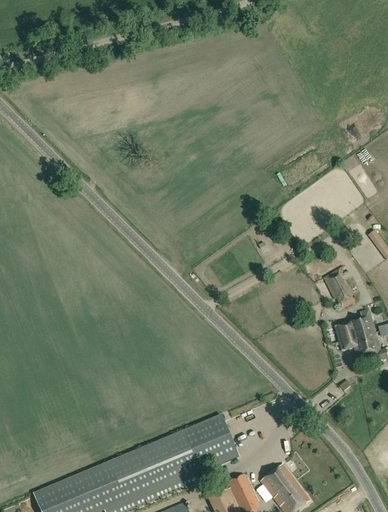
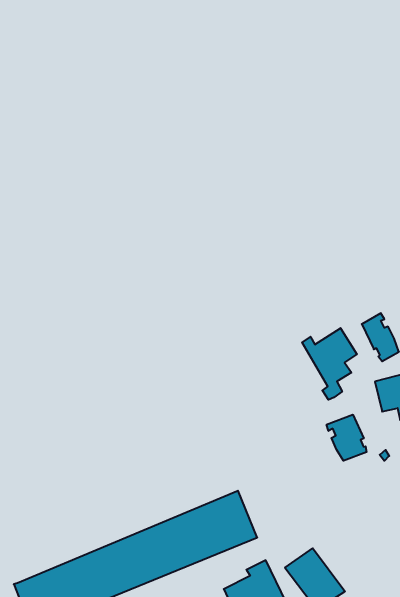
building: none -> [302,328,357,400]
building: none -> [327,415,367,461]

